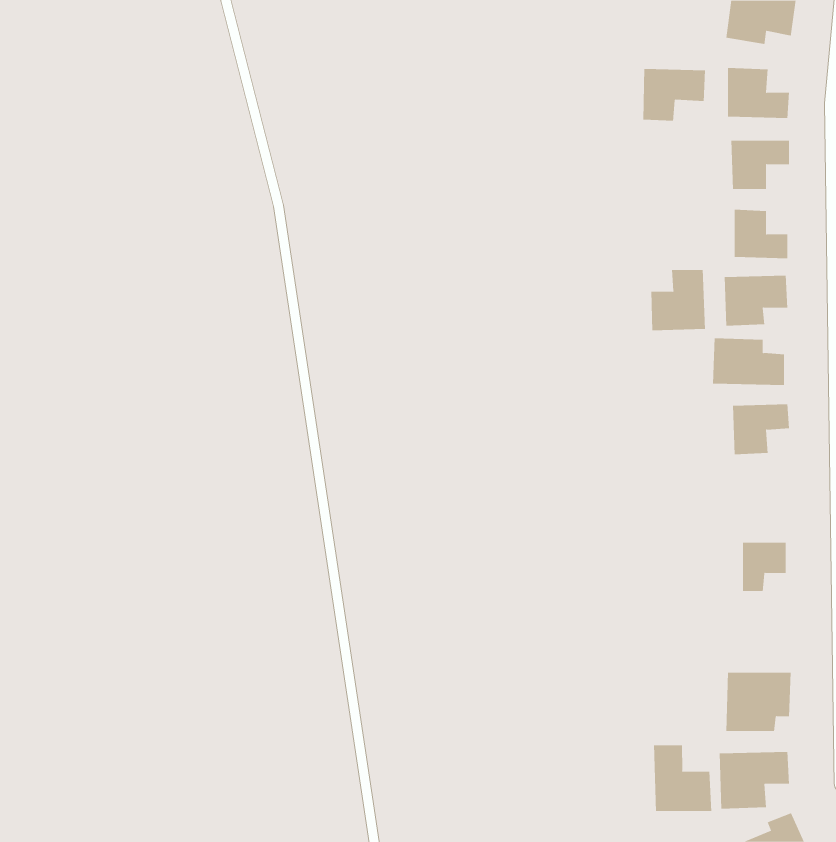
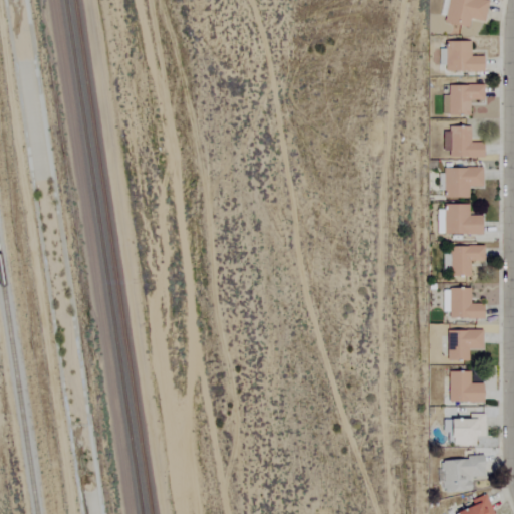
building: [643,68,706,122] -> none
building: [651,269,706,331] -> none
building: none -> [444,289,485,319]
building: none -> [449,372,484,404]
building: [653,744,712,812] -> none

